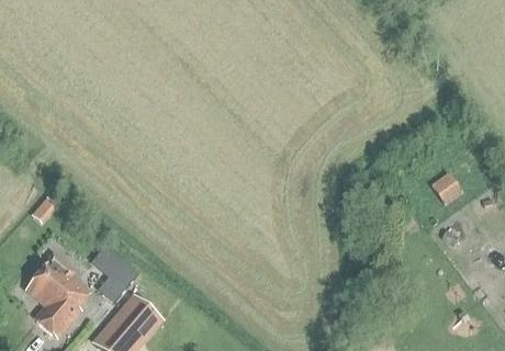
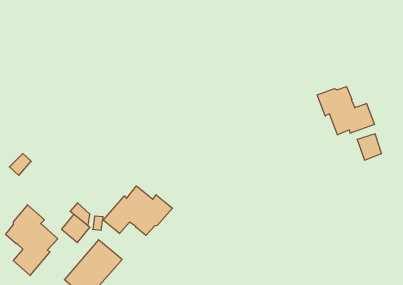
building: none -> [317,87,375,135]
building: none -> [103,186,173,235]

